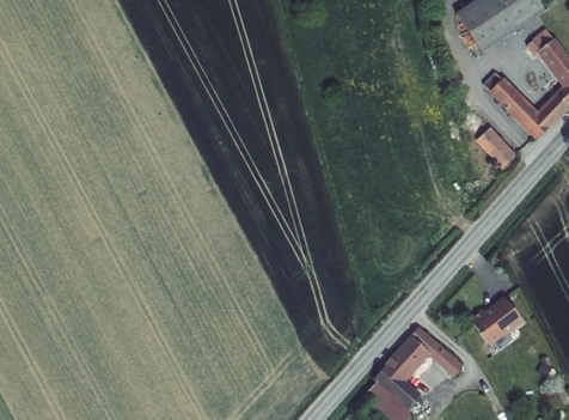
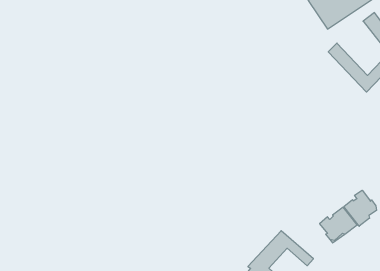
building: [477,127,515,166] -> none
building: none -> [344,190,376,226]

